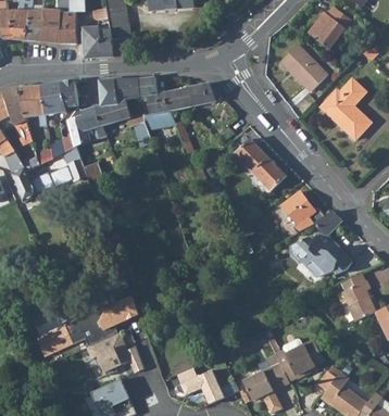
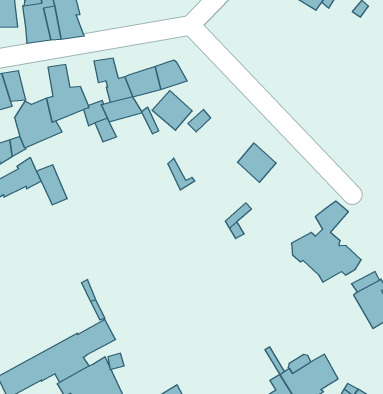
building: [279,45,326,91] -> none
building: [114,77,140,98] -> none
building: [318,79,369,139] -> none
building: [234,138,267,172] -> [152,91,192,130]
building: [281,191,324,232] -> none

